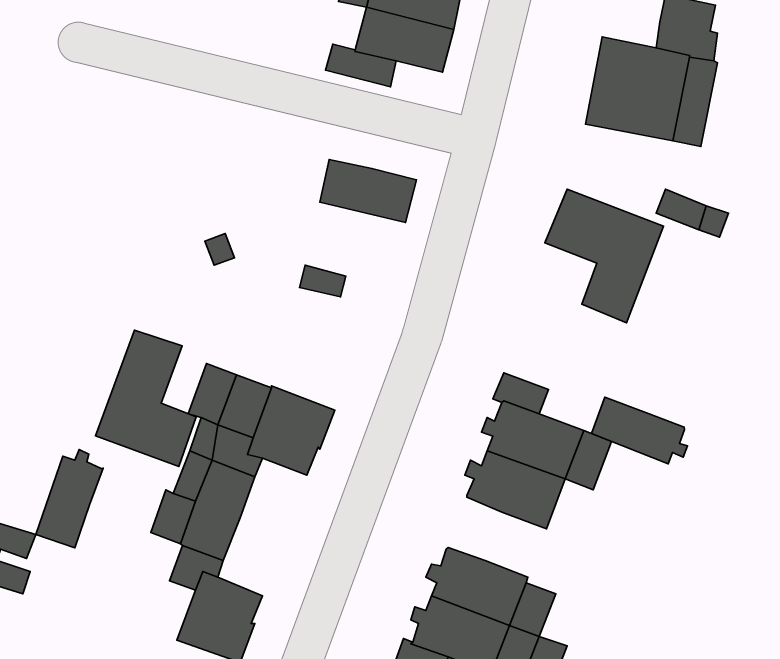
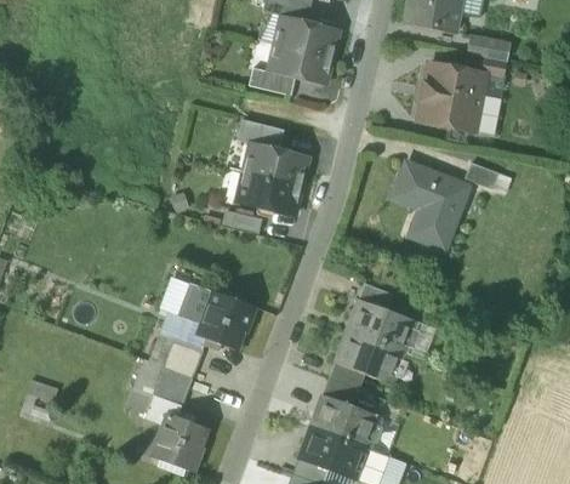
building: none -> [235,118,283,148]
building: none -> [236,170,300,215]
building: [95,330,196,467] -> none
building: [592,397,687,464] -> none
building: [36,449,103,548] -> none
building: none -> [321,360,363,404]

